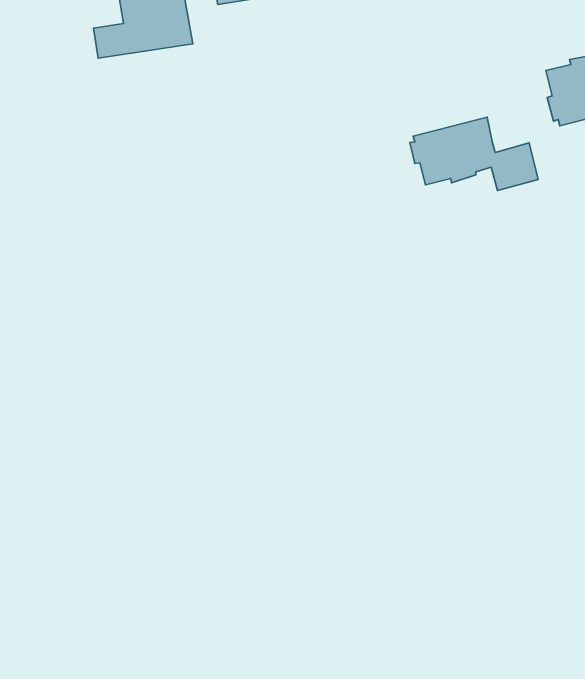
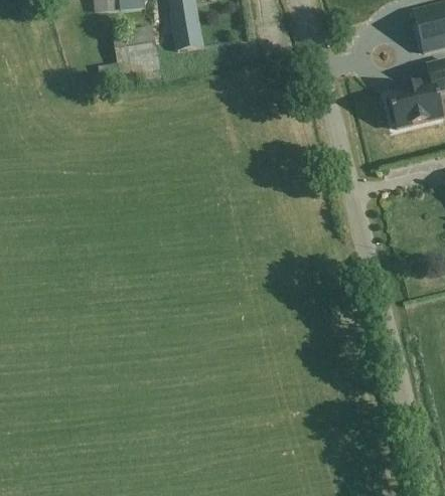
building: [410,117,538,191] -> none

